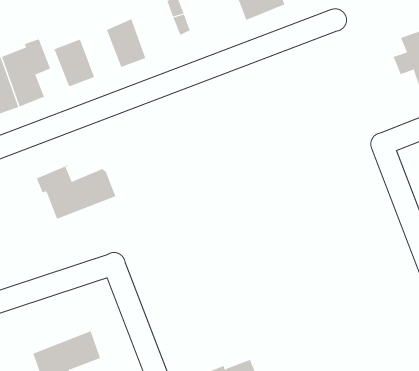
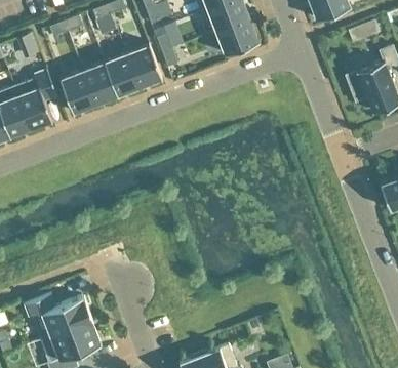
building: none -> [127,44,163,87]
building: none -> [83,62,118,104]
building: [35,164,116,219] -> [24,293,93,340]

